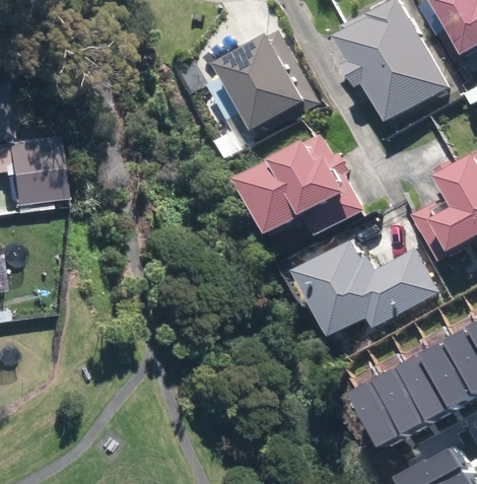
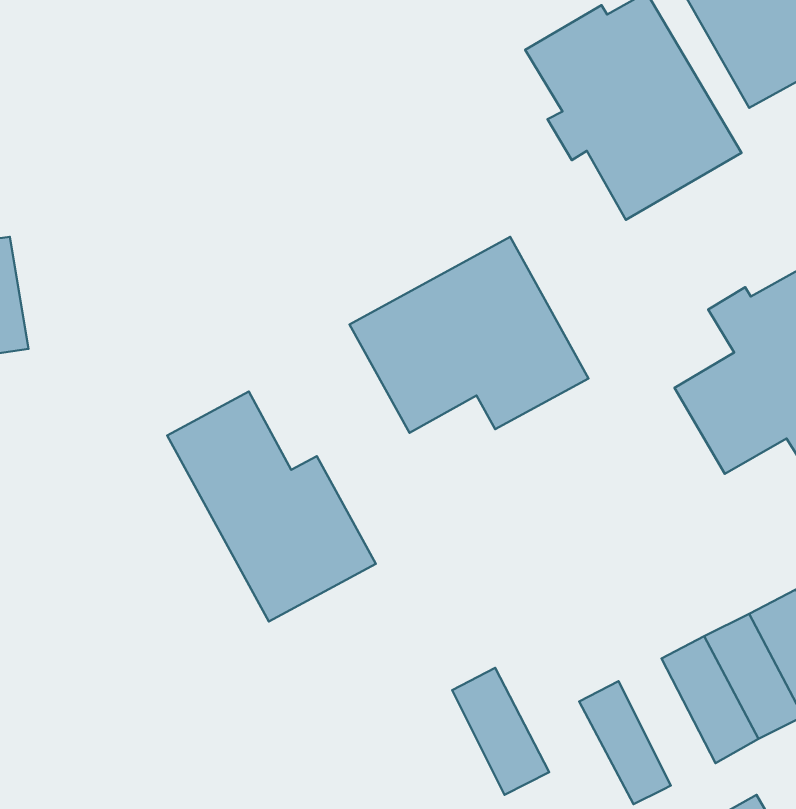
building: [212,28,320,138] -> none
building: none -> [167,392,376,621]
building: [291,240,439,339] -> none
building: [380,362,432,431] -> [452,668,549,795]

